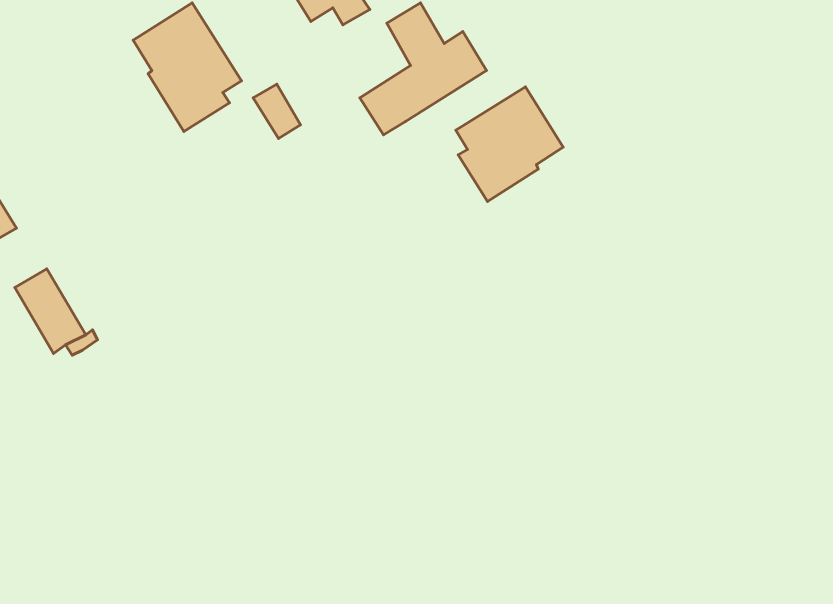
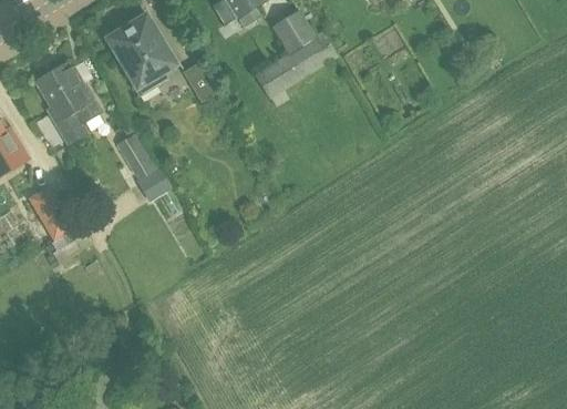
building: none -> [34,62,101,145]
building: [456,87,563,202] -> none
building: none -> [116,120,173,201]

